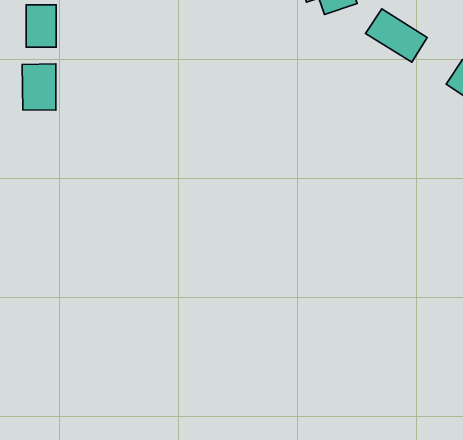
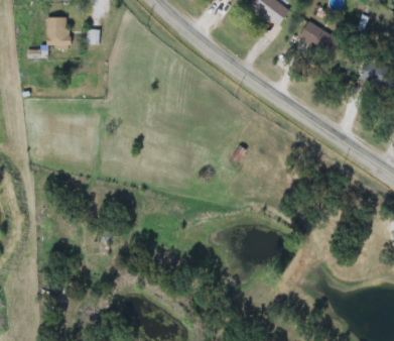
building: [22,64,56,110] -> none

